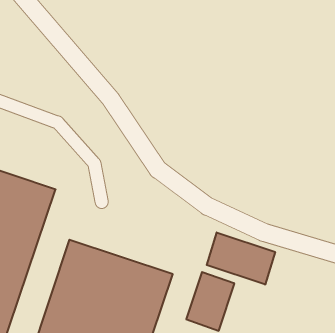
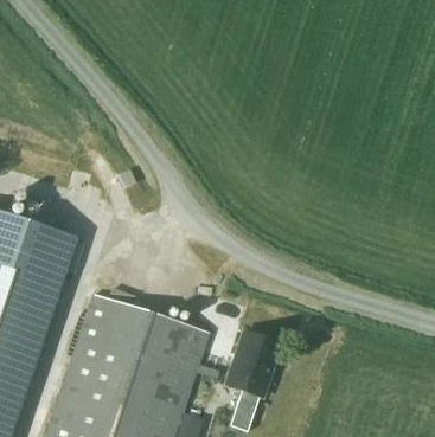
building: [207,232,275,285] -> none

